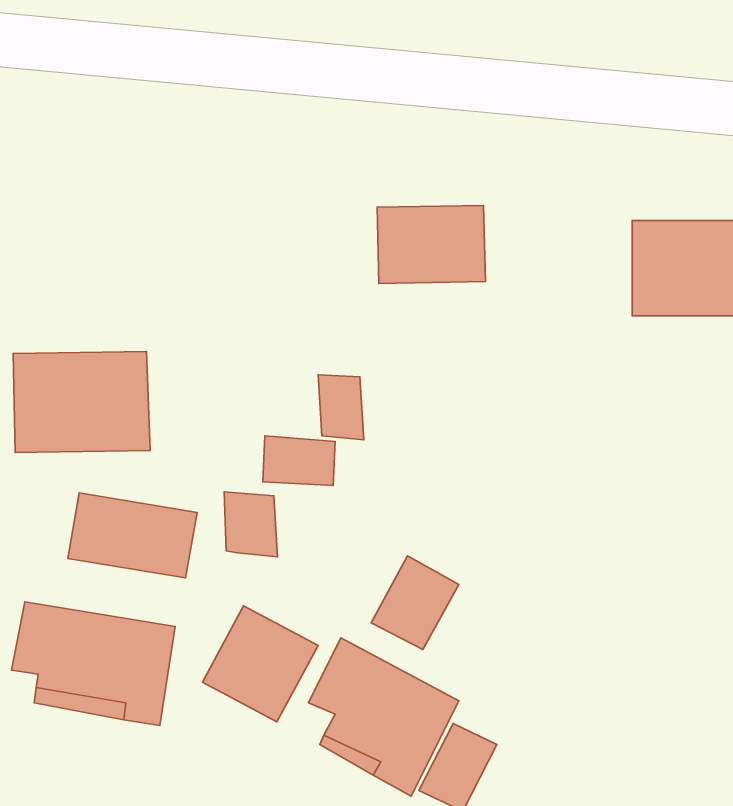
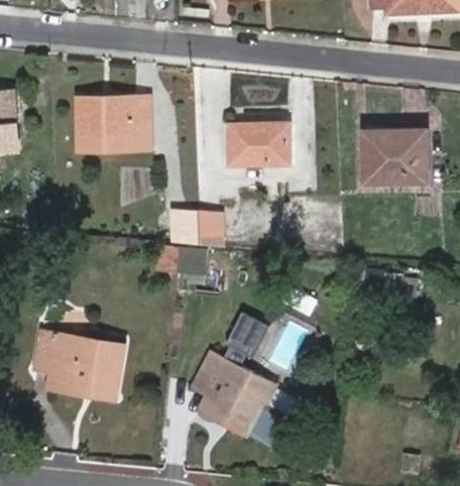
building: [13,352,150,453] -> [77,97,149,150]
building: [224,492,278,557] -> [170,211,199,245]
building: [68,493,197,578] -> none
building: [202,606,318,722] -> none

